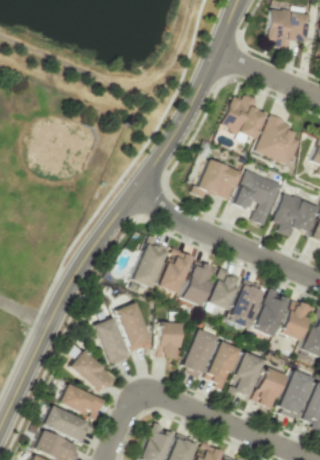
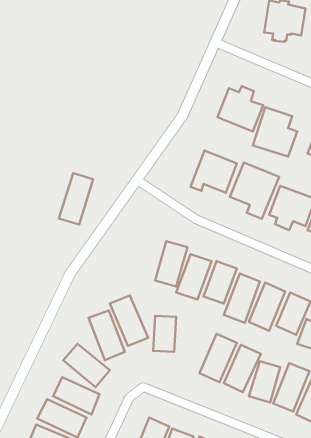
building: [134,236,168,287] -> [59,173,93,225]
building: [181,328,218,376] -> none

